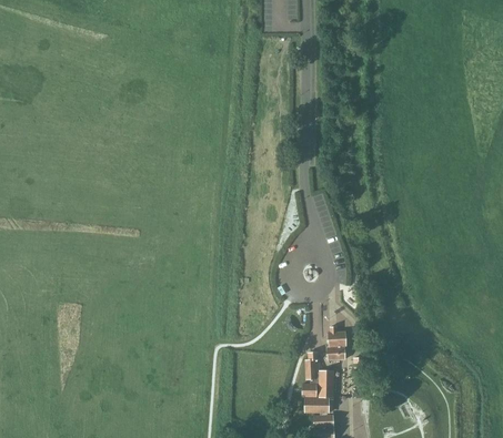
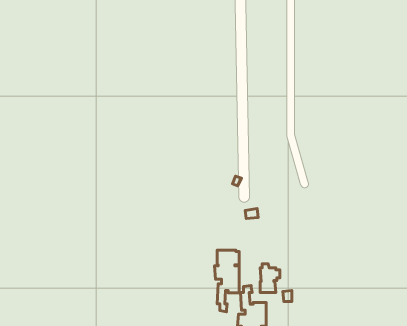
building: none -> [215,250,239,312]

